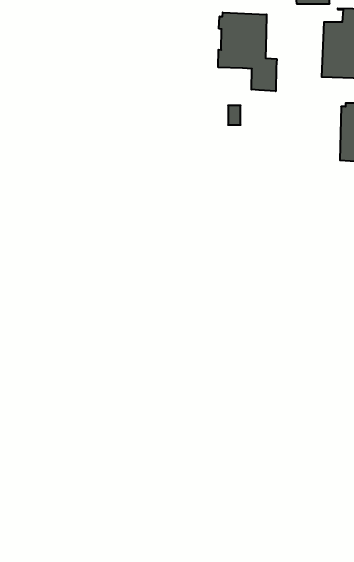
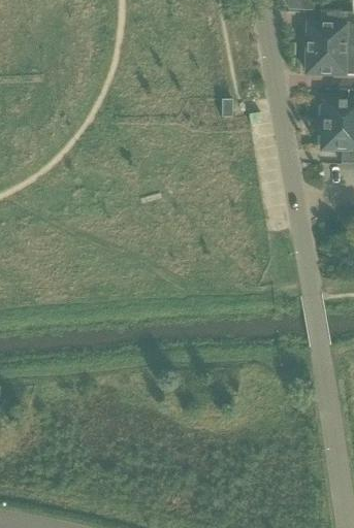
building: [218,12,277,91] -> none

